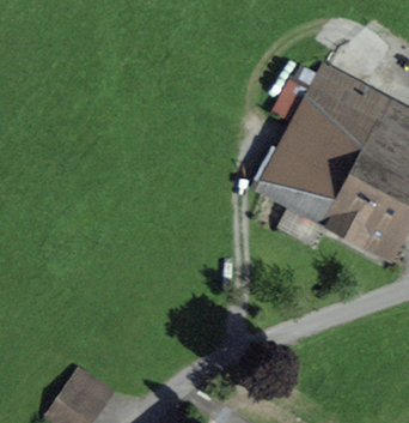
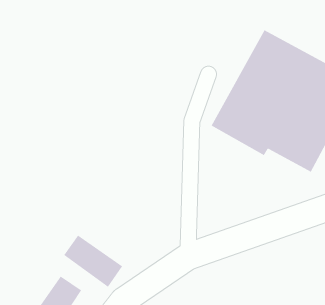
building: none -> [63,235,123,288]

